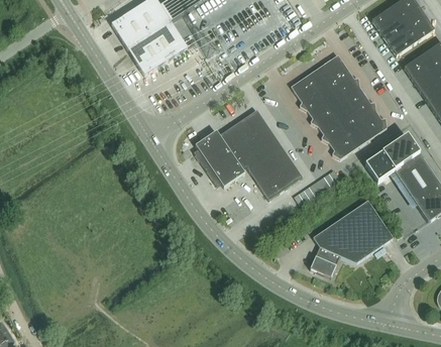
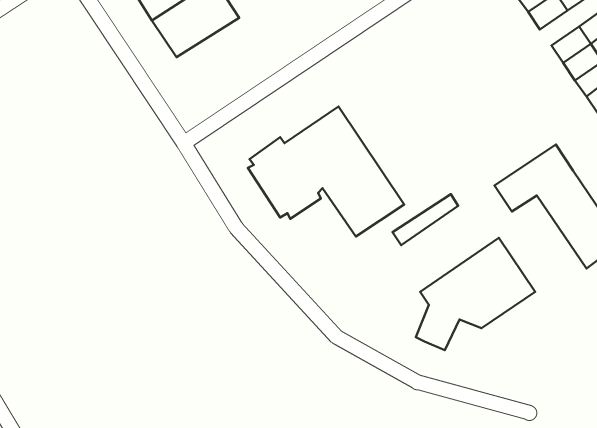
building: [291,53,387,157] -> none

